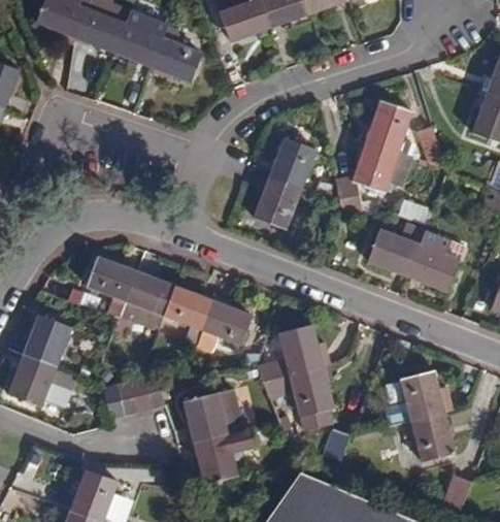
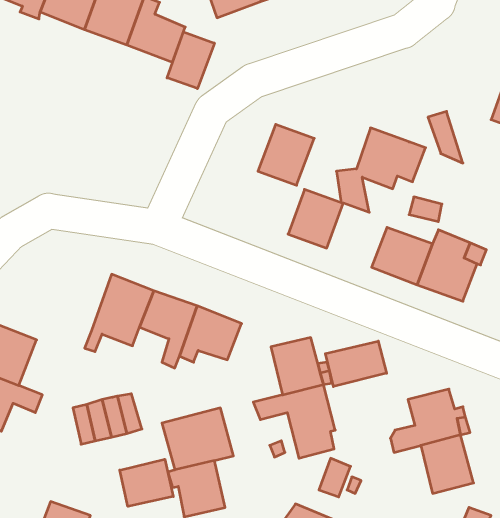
building: none -> [167,32,214,89]
building: [366,100,413,153] -> none
building: [253,178,301,230] -> [288,189,343,248]
building: [87,255,138,319] -> none
building: none -> [325,341,387,387]
building: none -> [120,459,173,506]

